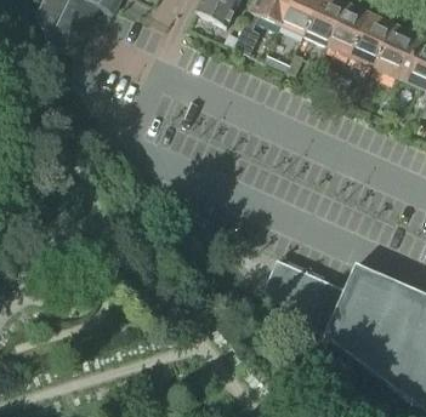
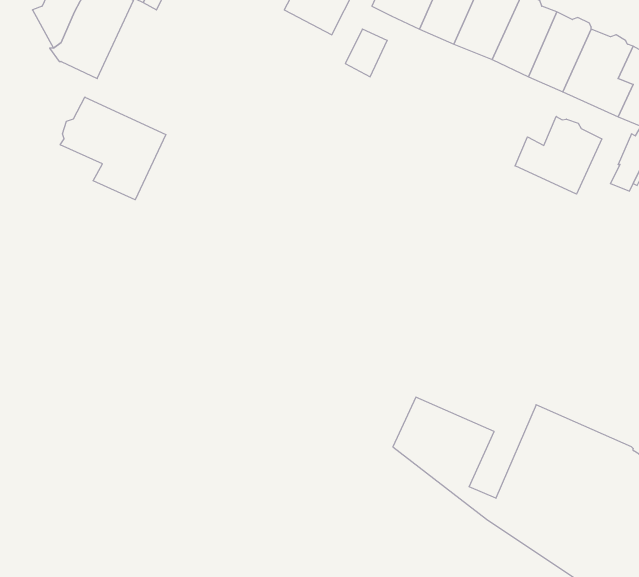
building: none -> [60,97,166,200]
building: none -> [515,116,602,194]

